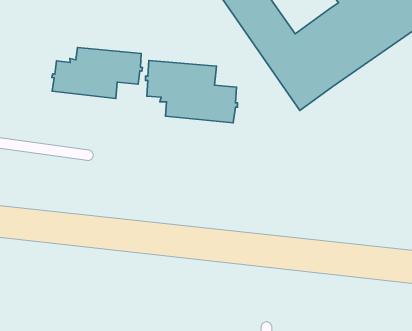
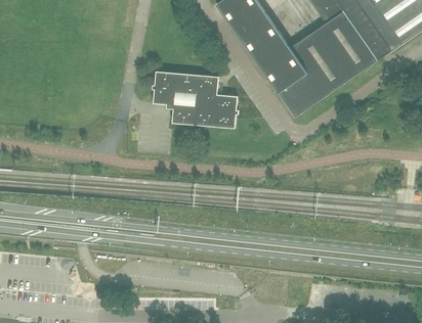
building: [52,47,143,98] -> none

